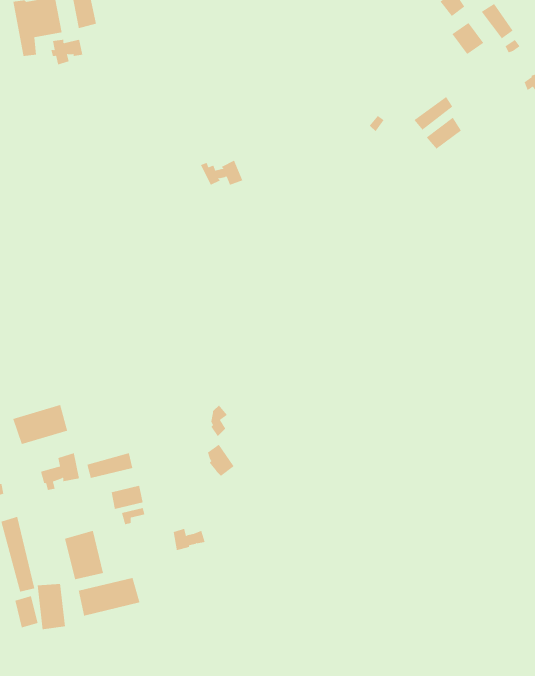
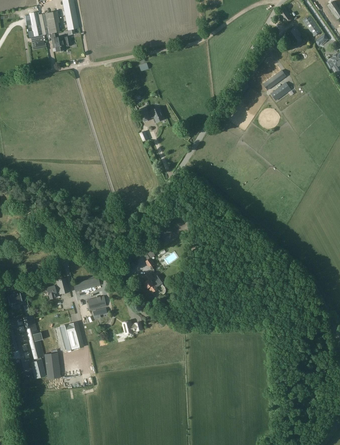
building: [12,404,68,445] -> none
building: [78,577,140,616] -> none

